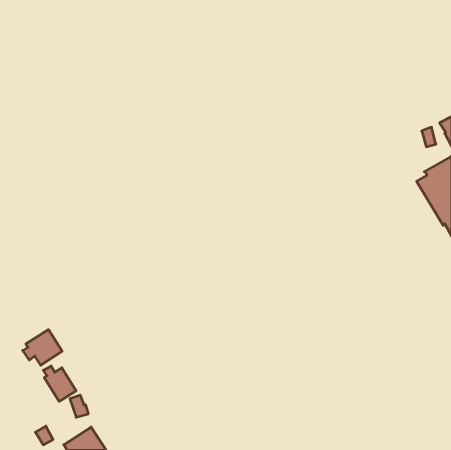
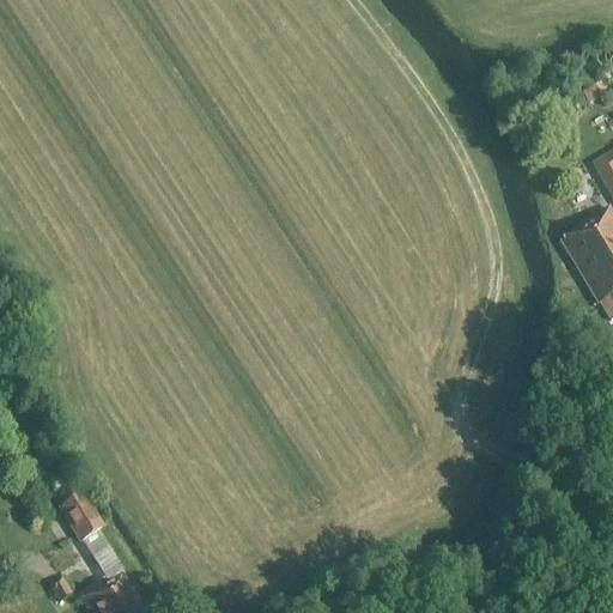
building: [23,330,62,365] -> none

